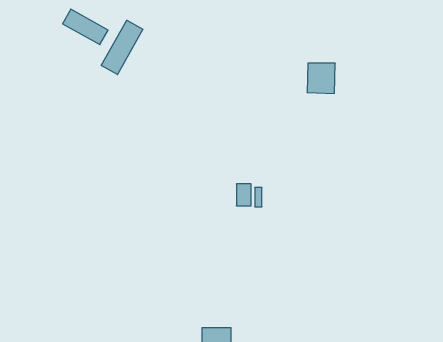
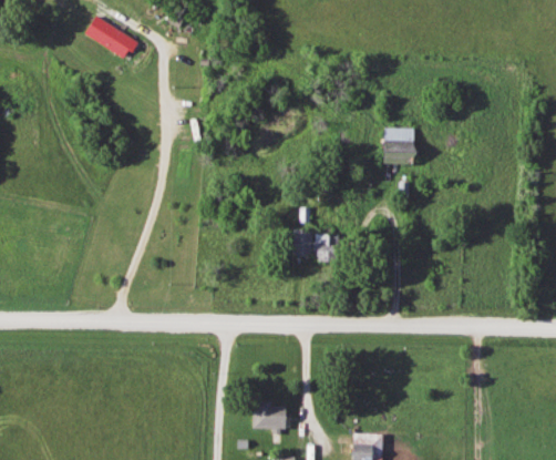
building: [101,20,143,75] -> none
building: [307,63,335,93] -> [381,129,415,165]

